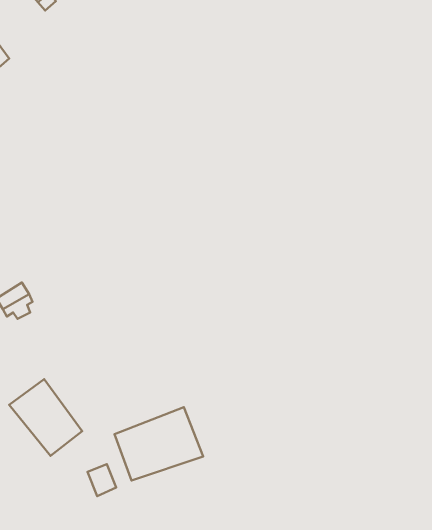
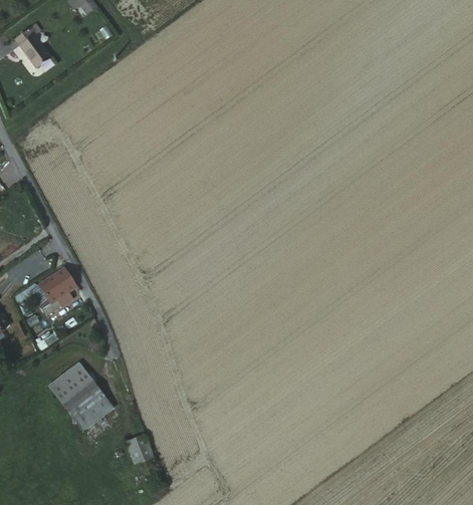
building: [115,407,203,480] -> none

